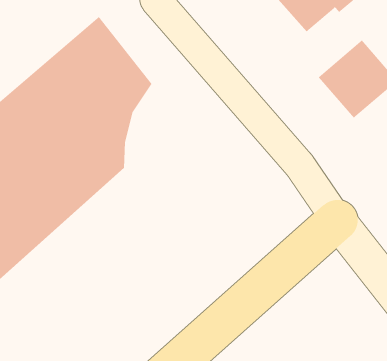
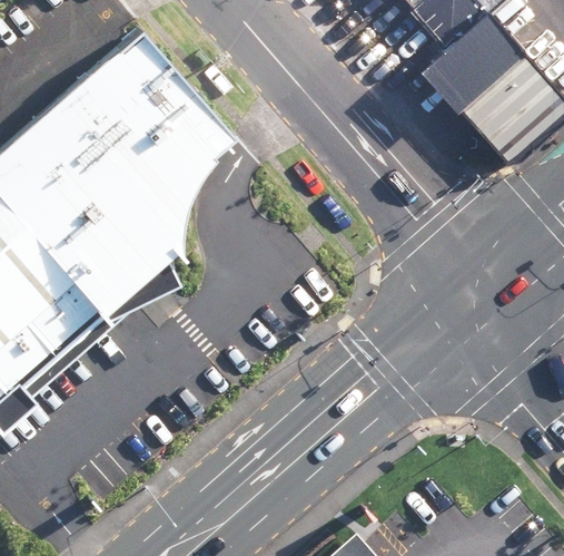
building: none -> [407,13,514,116]

